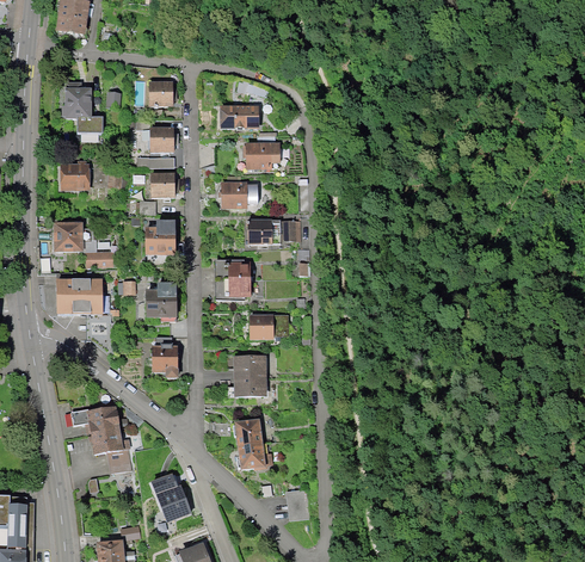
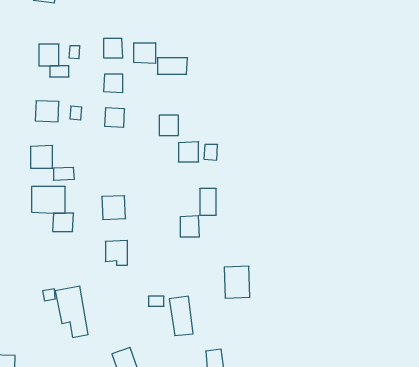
building: none -> [134,43,156,63]
building: [245,143,278,168] -> none
building: [144,226,176,255] -> none
building: [229,259,251,294] -> [200,189,216,215]
building: [233,354,266,396] -> [224,266,250,298]

